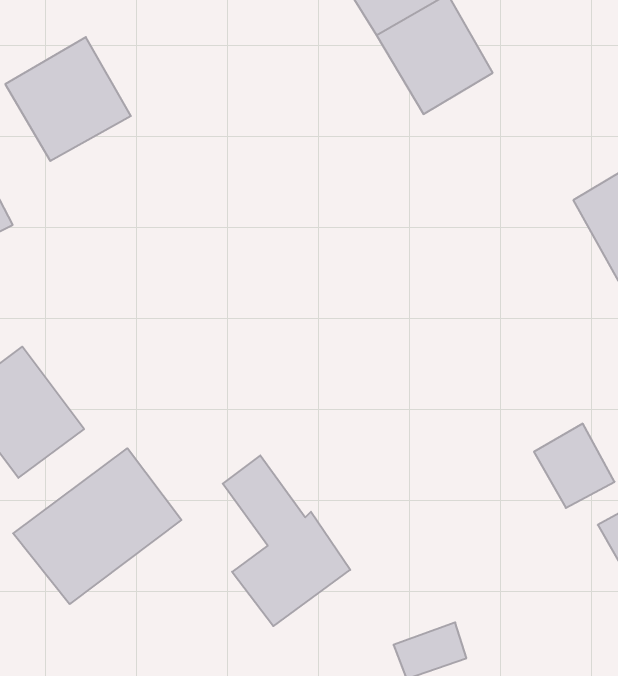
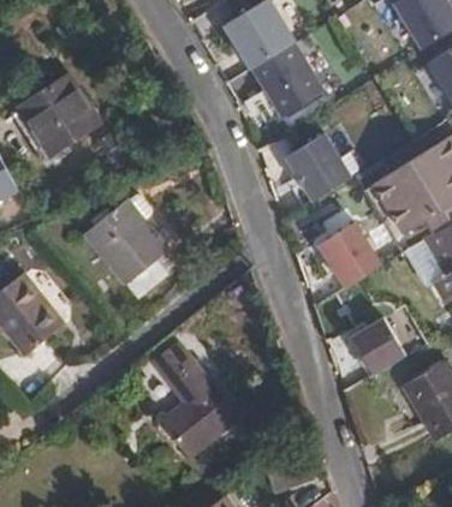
building: none -> [285,136,352,204]
building: none -> [89,198,170,298]
building: none -> [314,217,388,293]
building: [13,448,181,604] -> none

